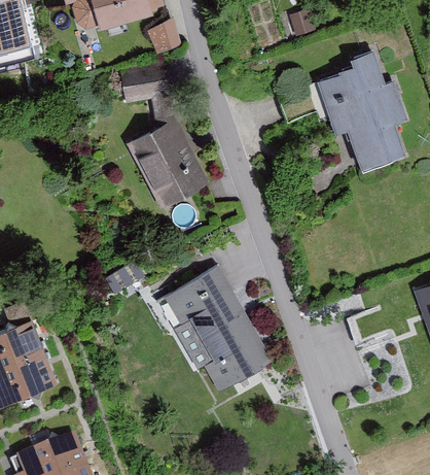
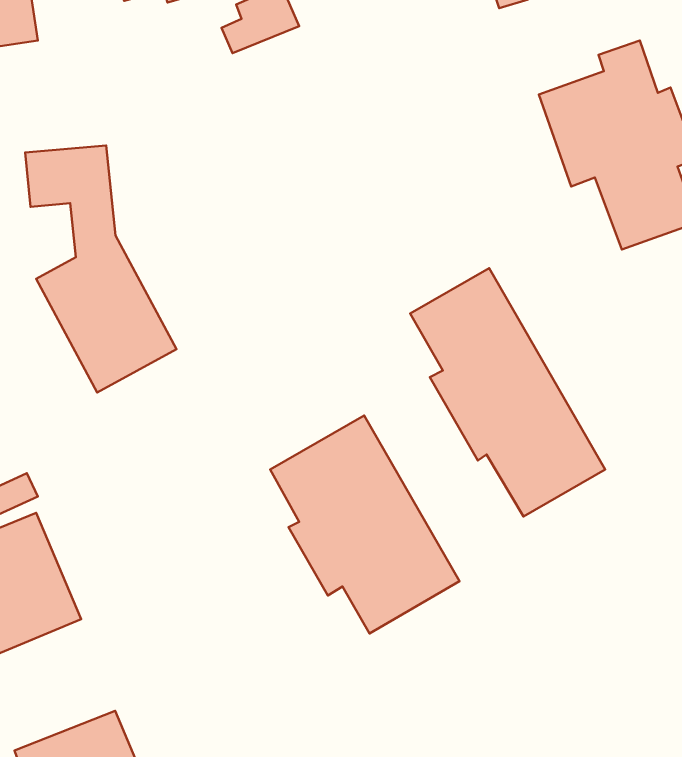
building: [120,67,207,208] -> [25,145,177,392]
building: none -> [410,268,605,517]

